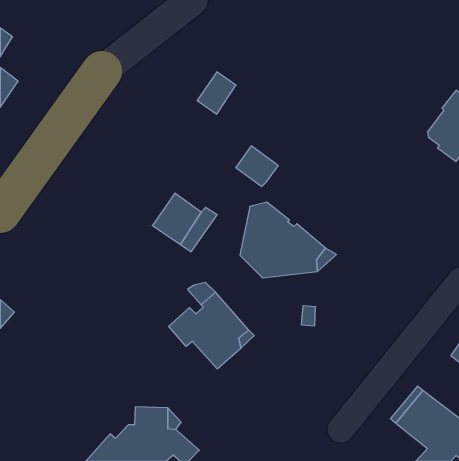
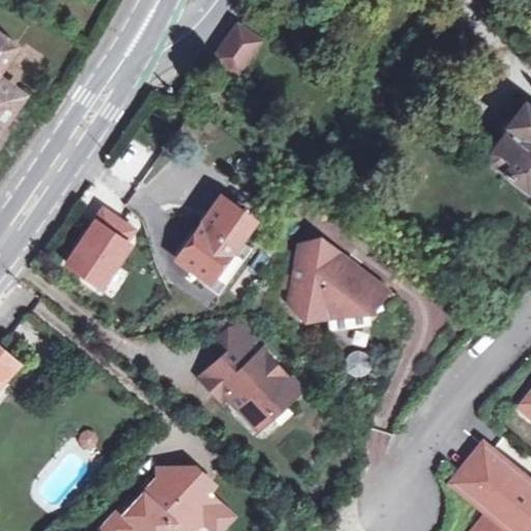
building: [197,72,236,114] -> [216,24,260,73]
building: [236,146,278,186] -> [203,197,252,244]
building: none -> [62,204,144,301]

